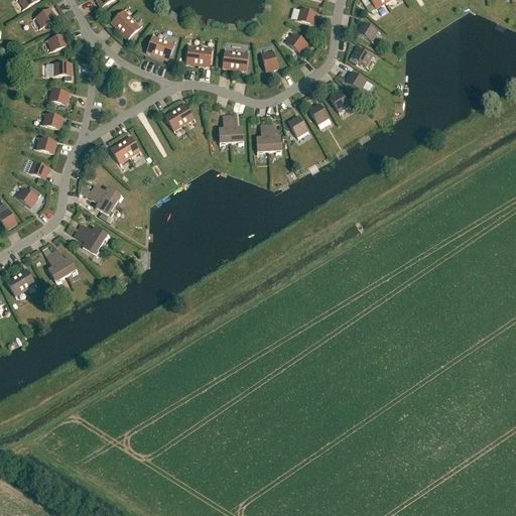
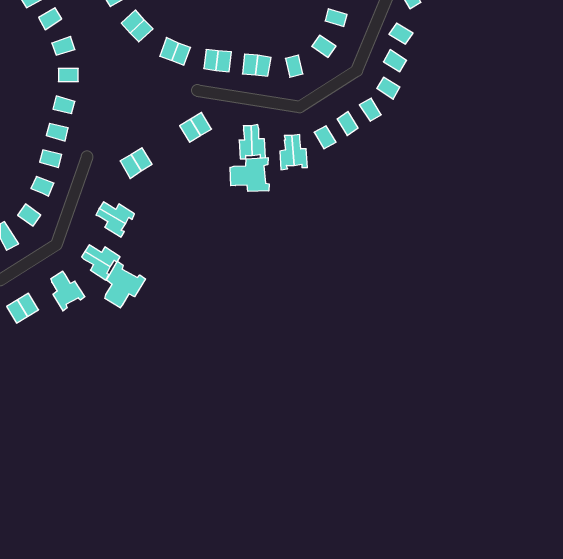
building: none -> [230,158,269,191]
building: none -> [105,261,146,308]

